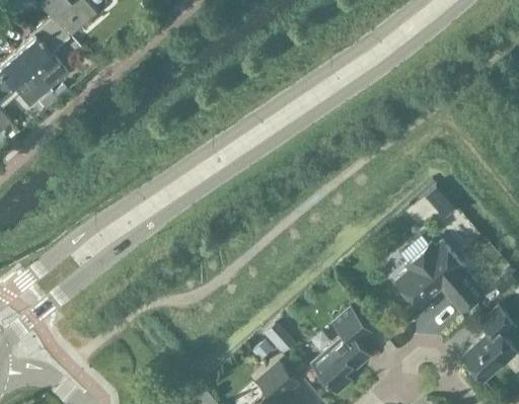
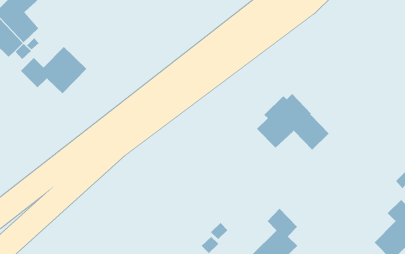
building: none -> [20,46,87,94]
building: [393,242,483,313] -> [256,93,330,150]

